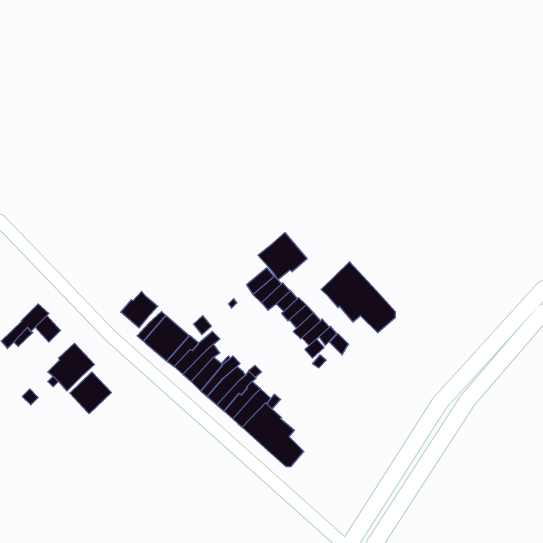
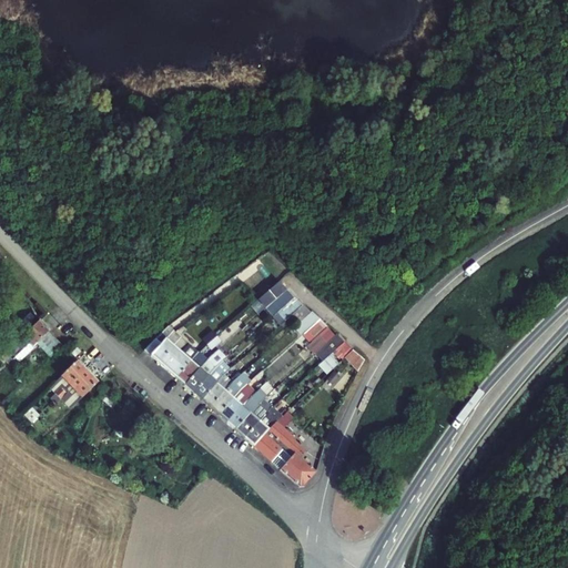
building: [258,233,307,280] -> none
building: [321,262,395,333] -> none
building: [121,291,158,328] -> none
building: [70,372,111,414] -> none

